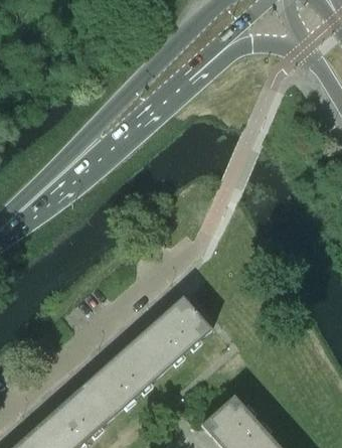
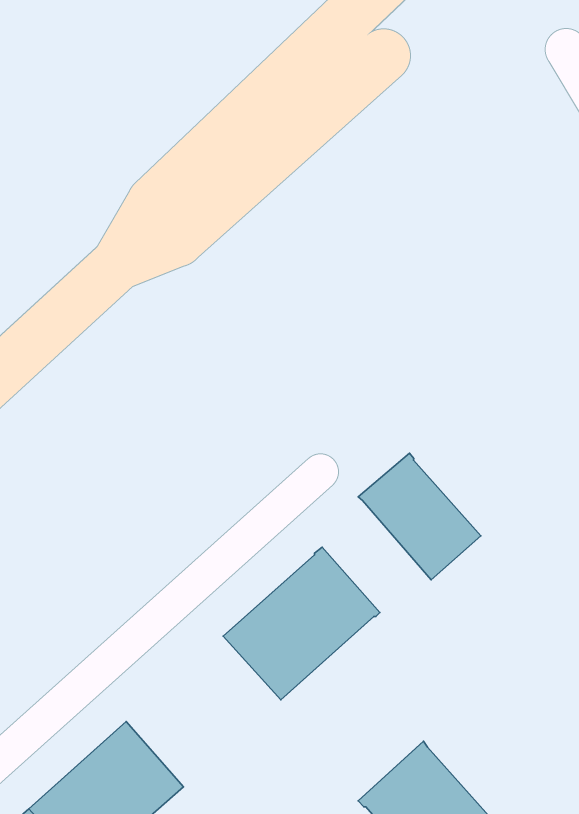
building: none -> [358,453,481,580]
building: [82,342,161,419] -> none

